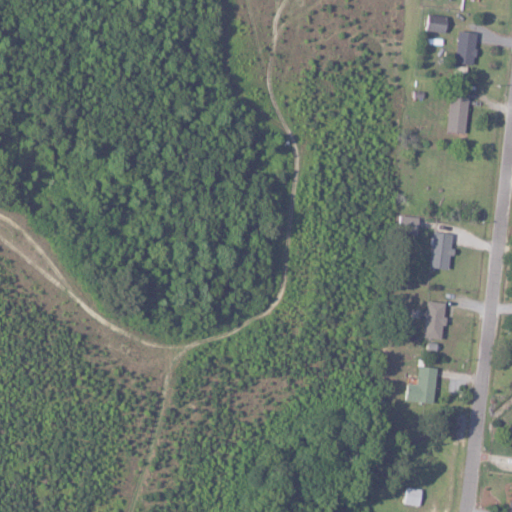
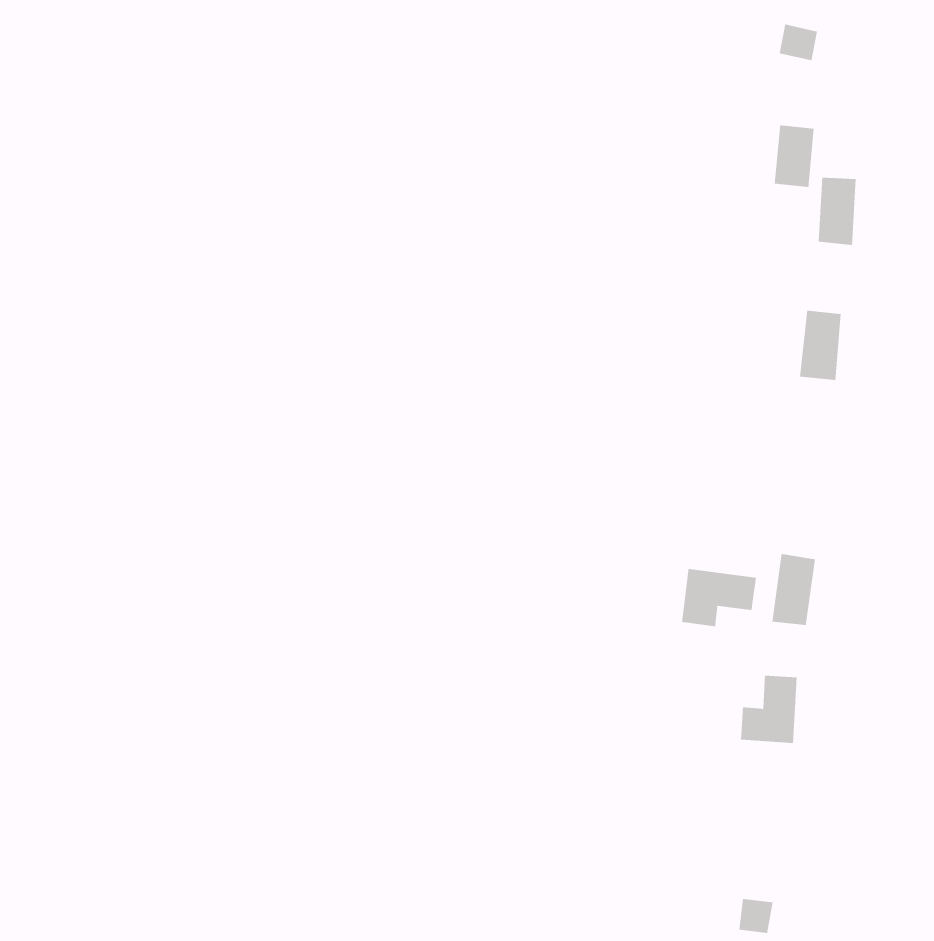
building: [456,31,478,65] -> [774,125,815,187]
building: [430,232,453,270] -> [799,310,842,380]
building: none -> [682,568,756,627]

